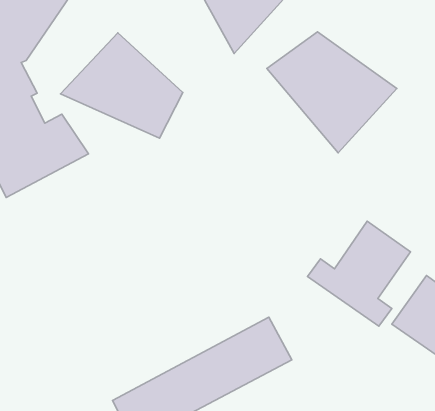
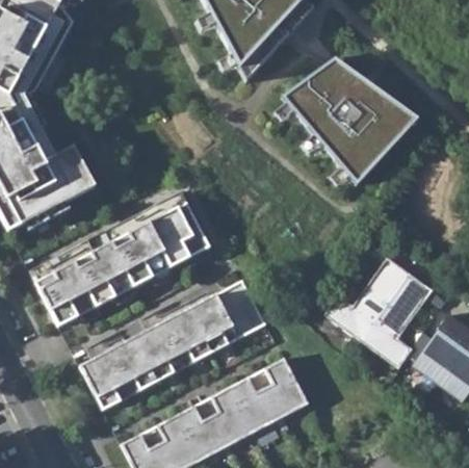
building: [61,33,183,138] -> none
building: none -> [33,202,209,327]
building: none -> [78,280,265,411]

